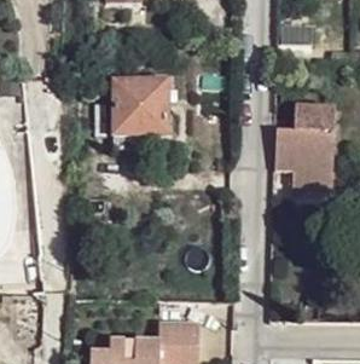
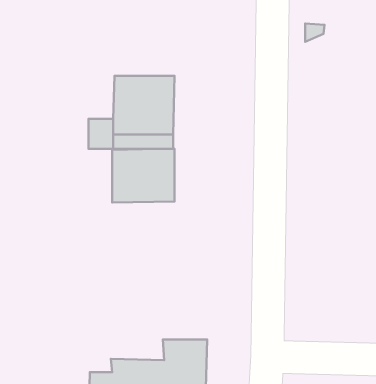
building: [275,103,335,189] -> none
building: none -> [112,149,175,203]

